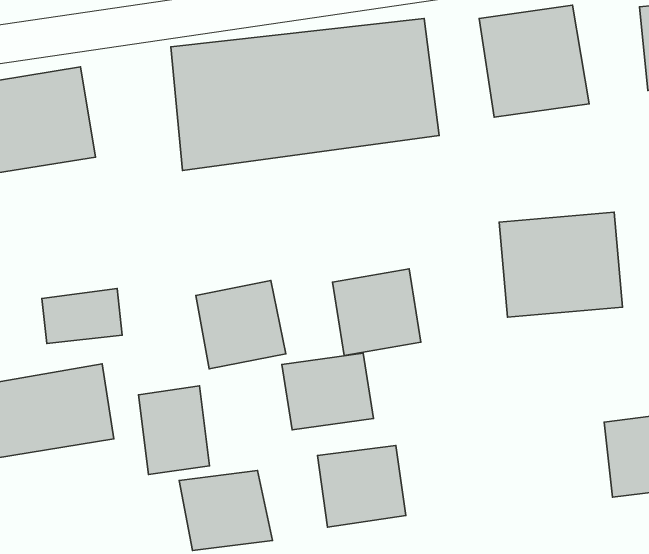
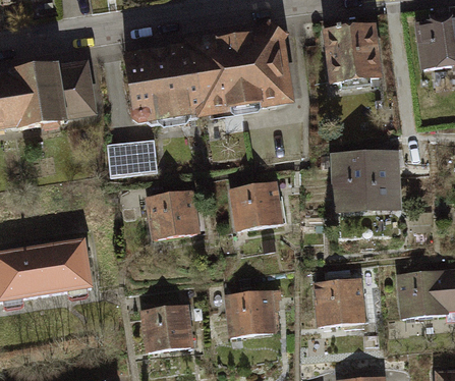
building: [42,288,122,343] -> [97,140,146,173]
building: [282,353,373,430] -> none
building: [138,386,210,475] -> none
building: none -> [310,276,366,327]

